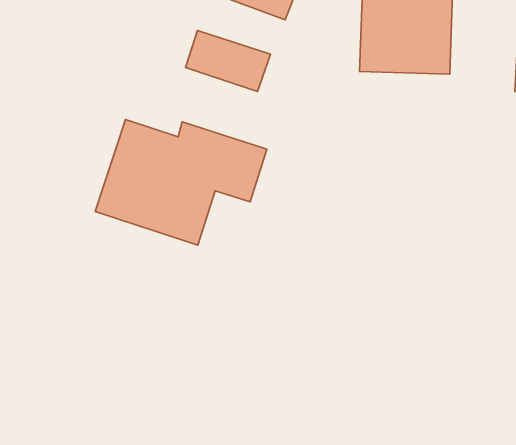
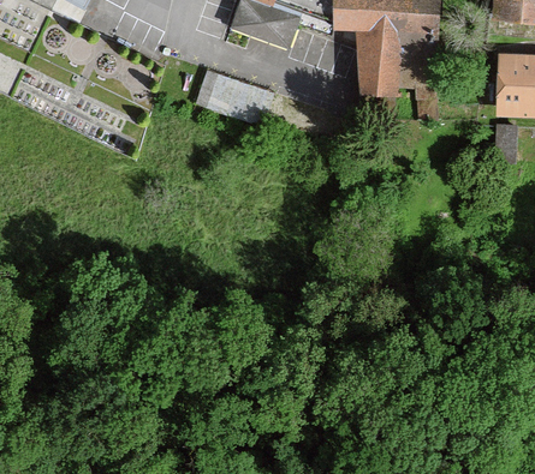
building: [95,119,267,245] -> none

